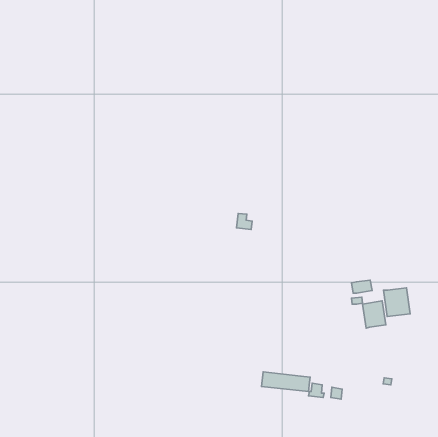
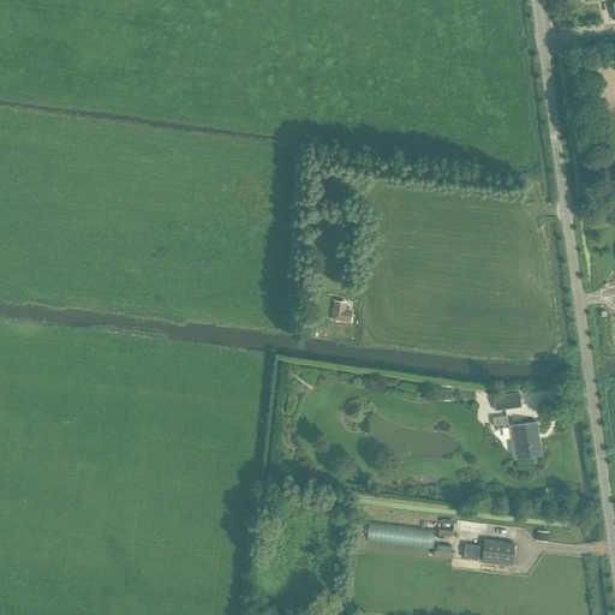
building: [384,288,410,316] -> none
building: none -> [482,538,515,565]

